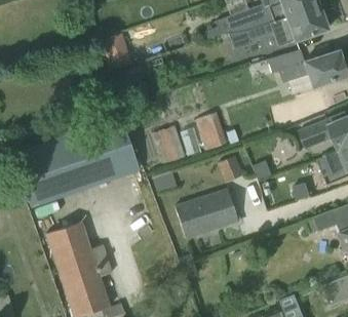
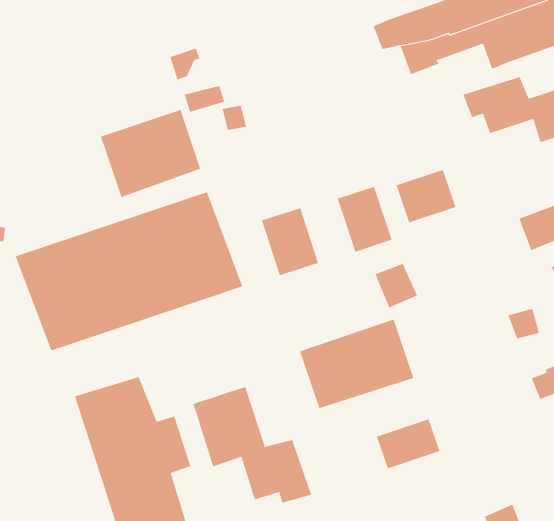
building: none -> [100,109,201,198]
building: none -> [396,169,456,223]
building: none -> [193,386,312,503]
building: none -> [376,418,440,469]

